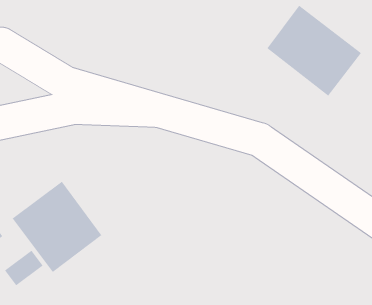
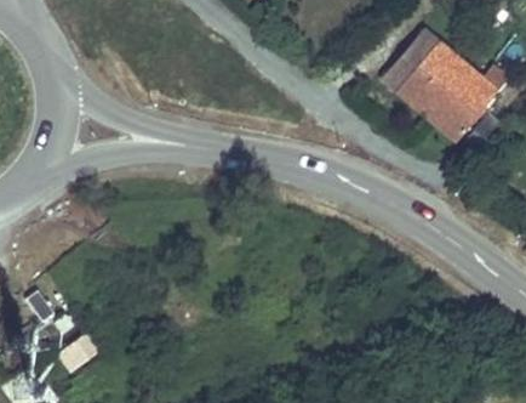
building: [12,181,102,273] -> none

